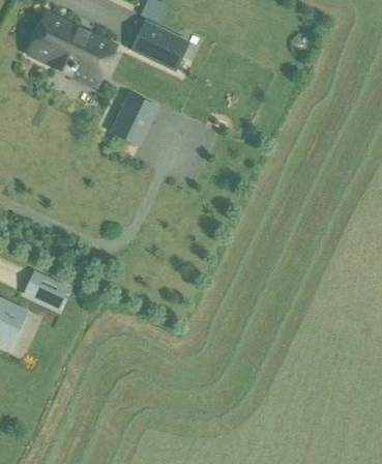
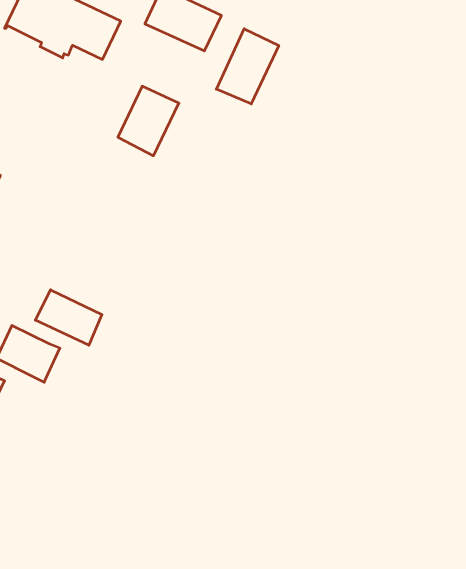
building: none -> [216,29,279,104]
building: none -> [35,290,102,345]

